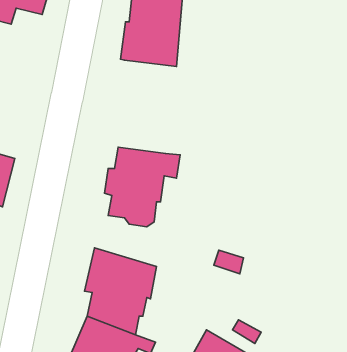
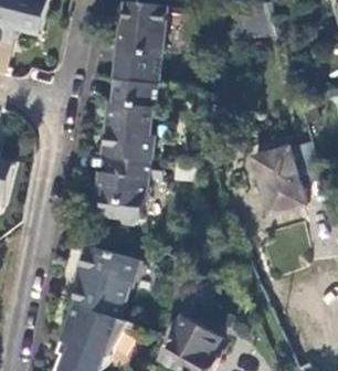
building: none -> [97,76,159,159]
building: none -> [254,146,306,213]

